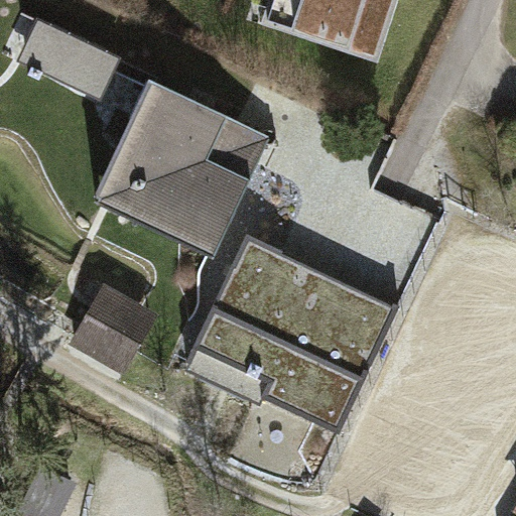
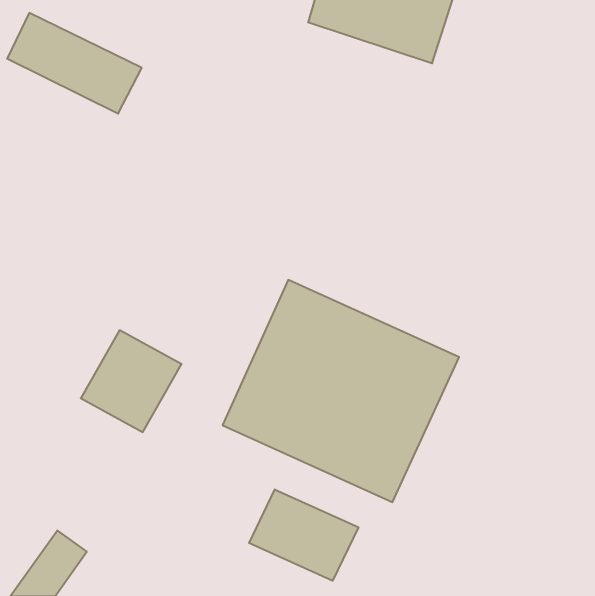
building: [82,87,265,267] -> none
building: none -> [249,489,358,581]

